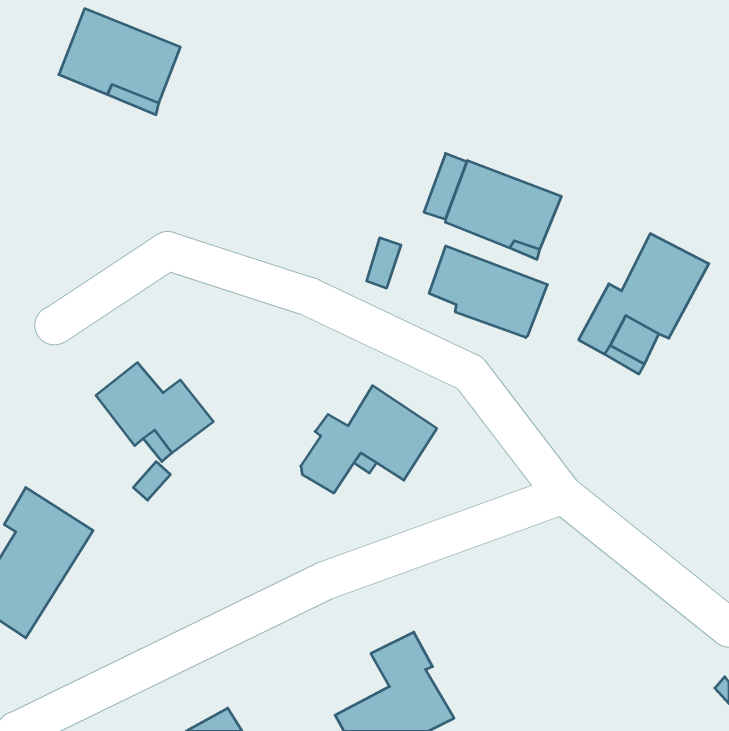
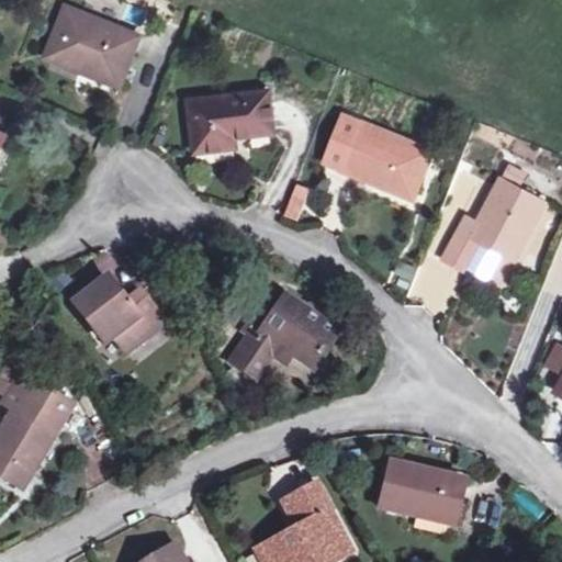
building: none -> [188,91,274,153]
building: [429,246,548,338] -> none
building: none -> [378,461,463,517]

